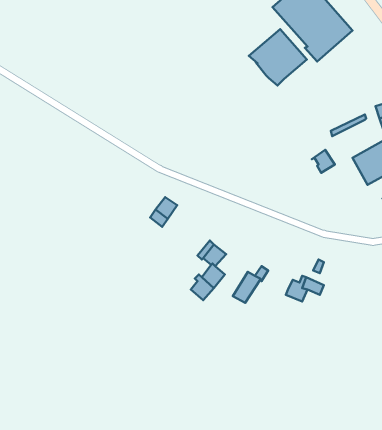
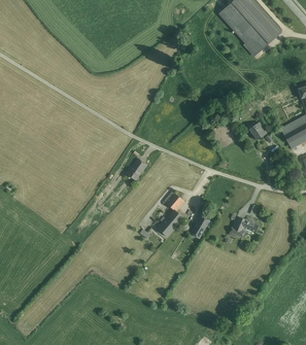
building: [249,29,307,86] -> none

